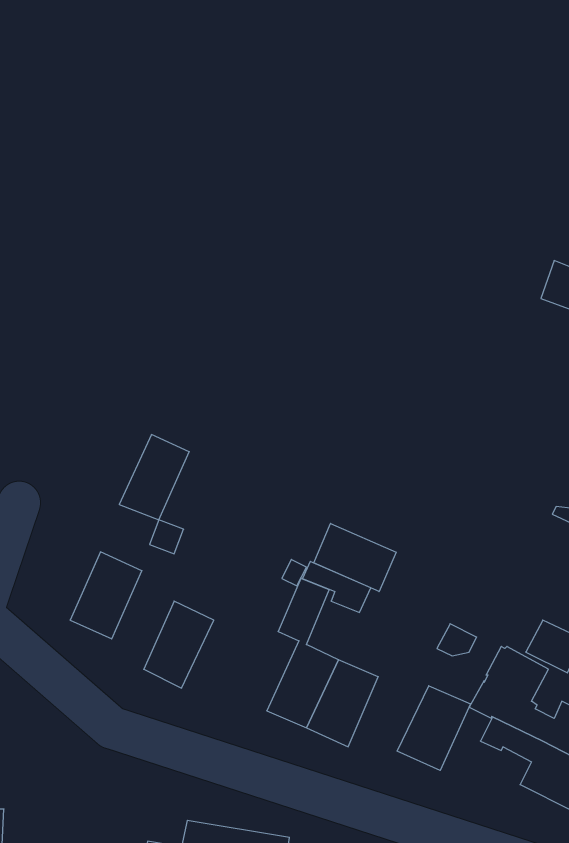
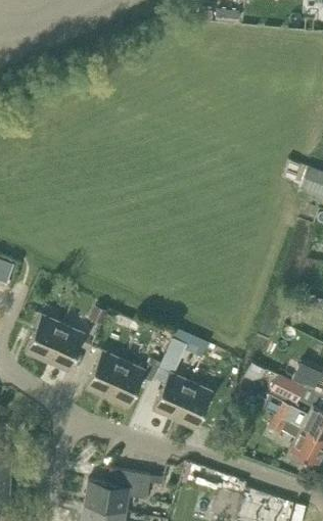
building: [119,435,189,520] -> [26,316,63,362]
building: [314,523,396,592] -> none
building: none -> [107,362,146,409]
building: [397,686,471,770] -> none

